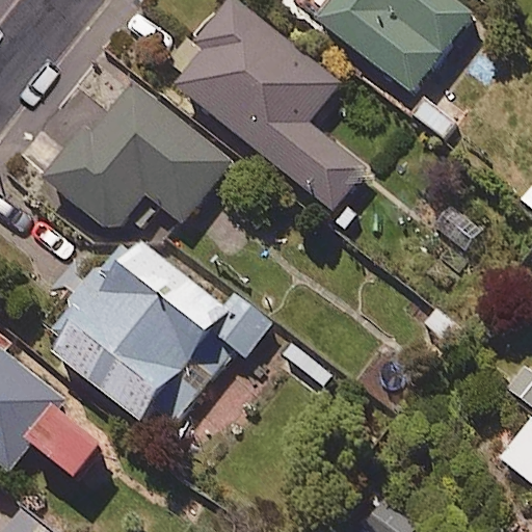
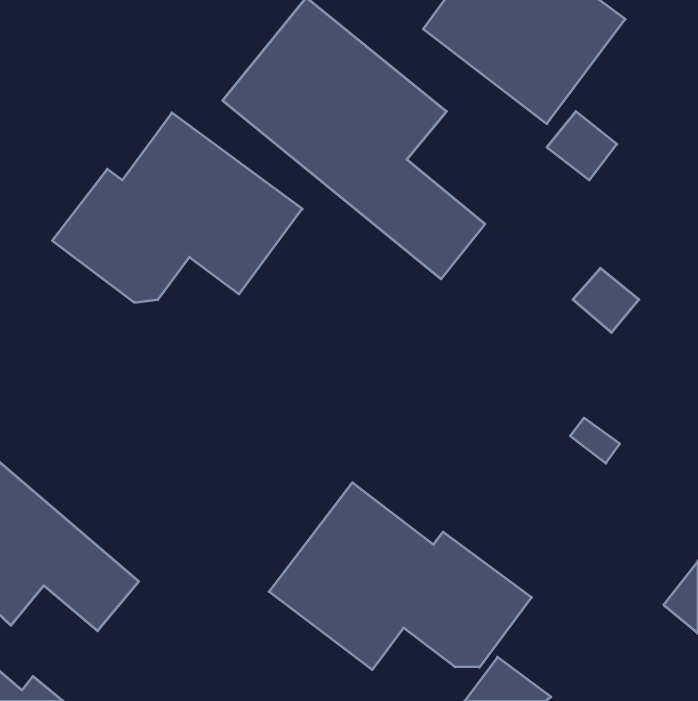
building: [54,234,276,421] -> none
building: none -> [269,483,532,670]

